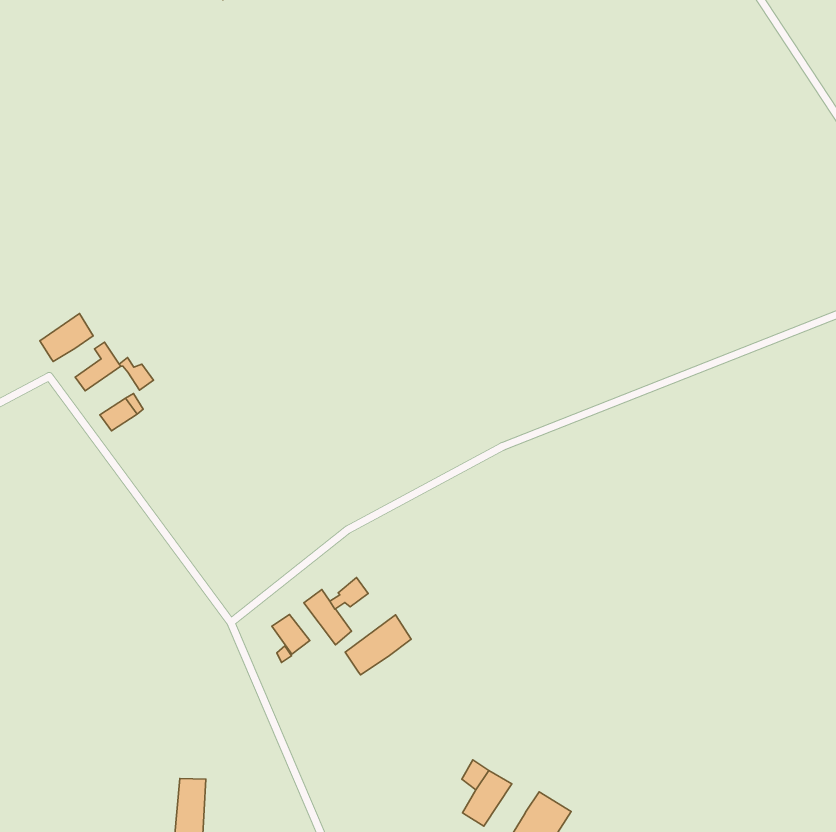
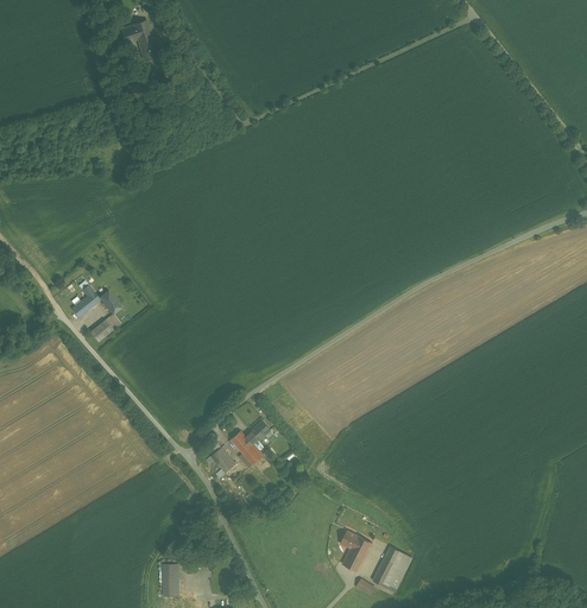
building: [40,313,93,361] -> none
building: [345,615,411,675] -> none

